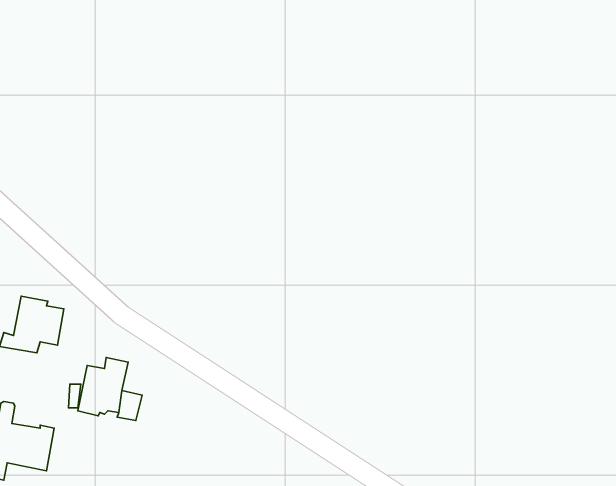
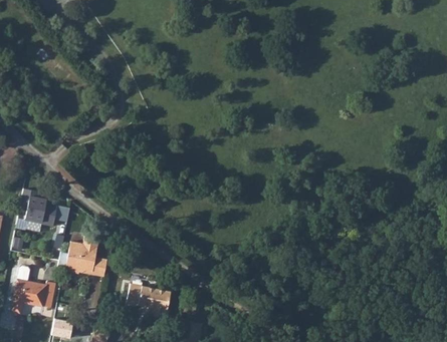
building: none -> [130,287,174,314]

